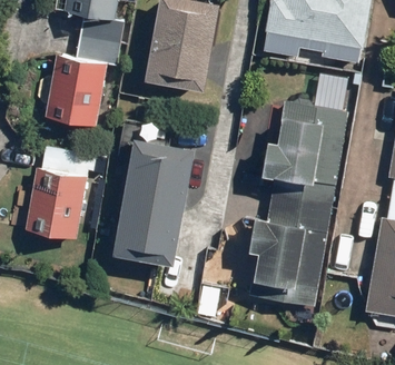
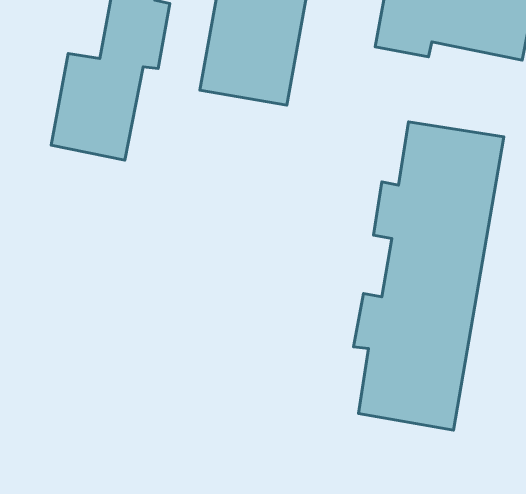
building: [112,137,192,265] -> none
building: [24,165,88,239] -> none

